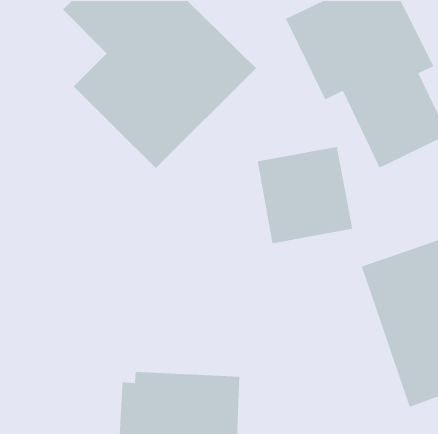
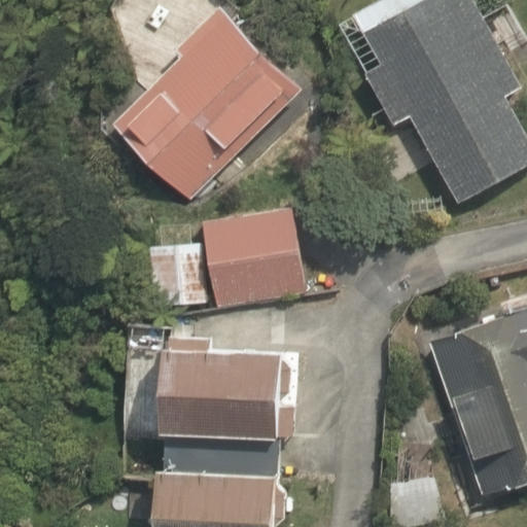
building: [257,146,353,244] -> [199,203,312,318]
building: none -> [143,327,271,427]

